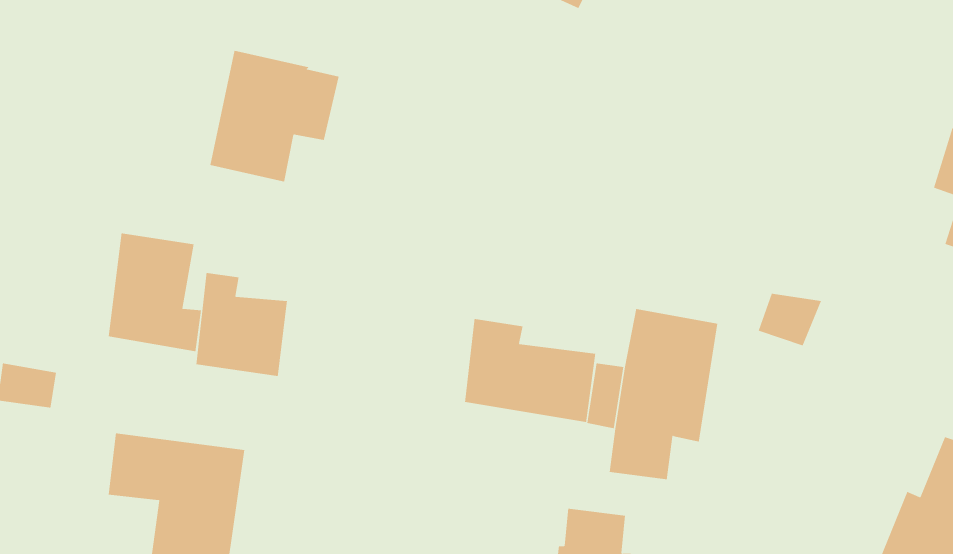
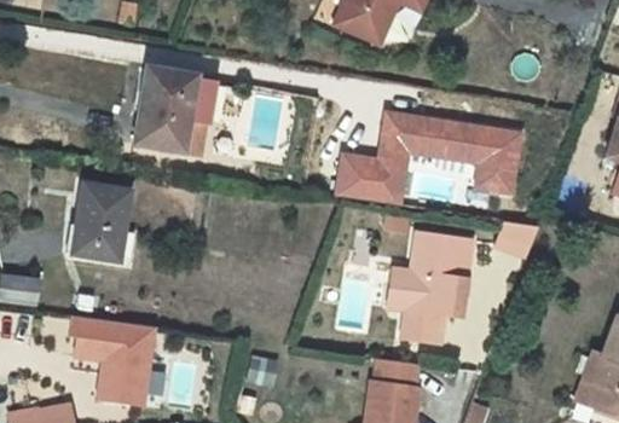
building: none -> [336,106,531,204]
building: [196,272,287,377] -> none
building: [464,318,596,423] -> none

